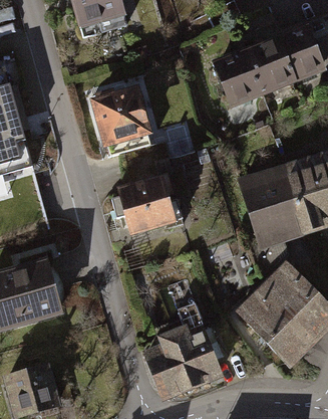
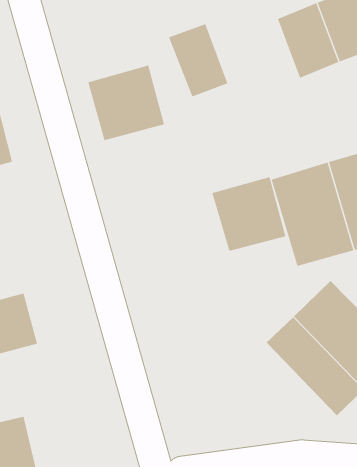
building: [214,47,262,107] -> [168,24,228,97]
building: [118,174,179,234] -> [211,177,286,251]
building: [142,324,225,400] -> none

